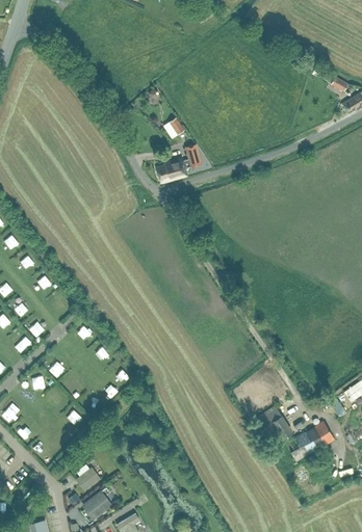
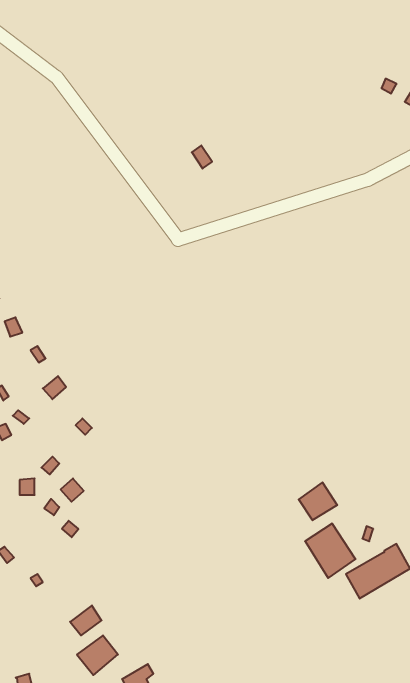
building: [155,144,201,184] -> none
building: none -> [299,482,337,520]

